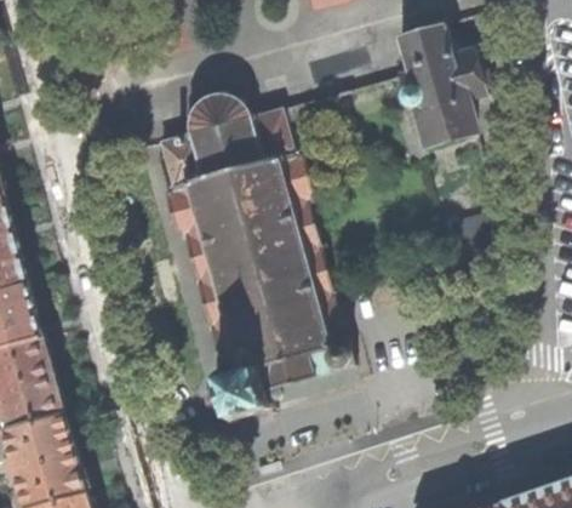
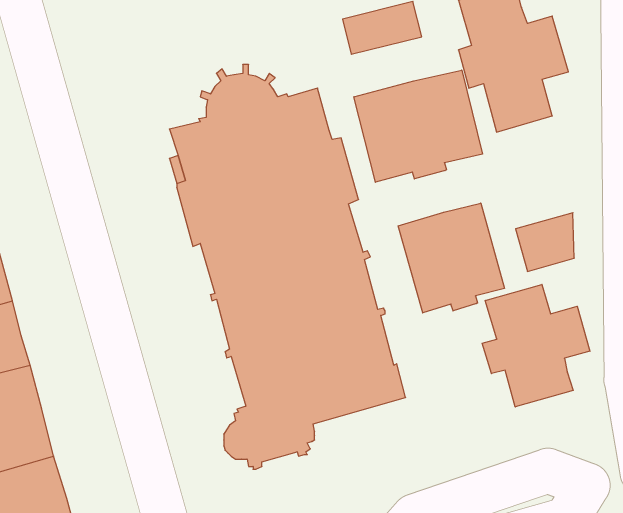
building: none -> [354,70,482,182]
building: none -> [398,203,504,313]
building: none -> [482,284,590,407]

